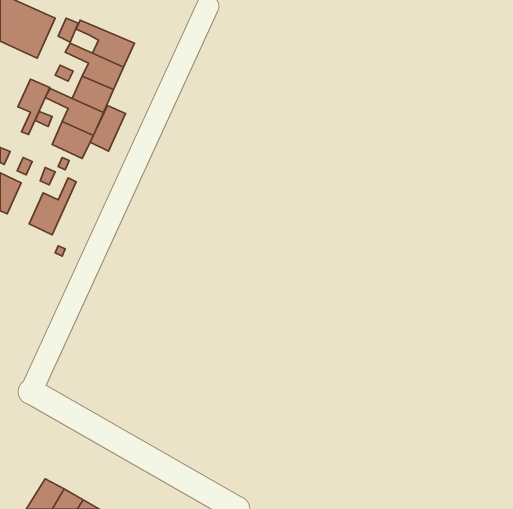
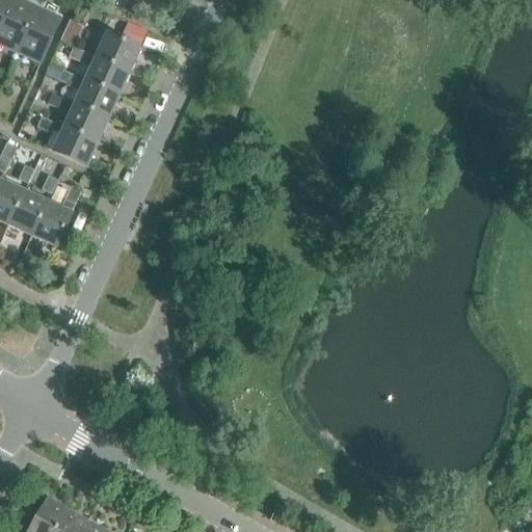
building: [18,79,50,135] -> none
building: [90,105,126,151] -> none
building: none -> [7,189,45,232]

